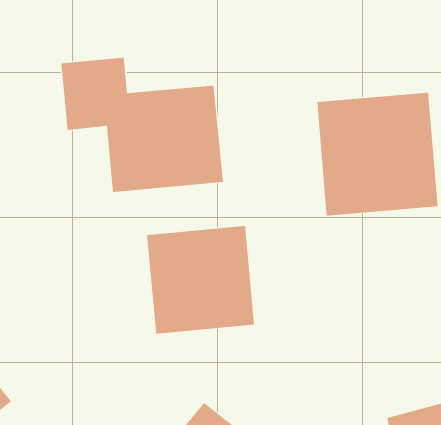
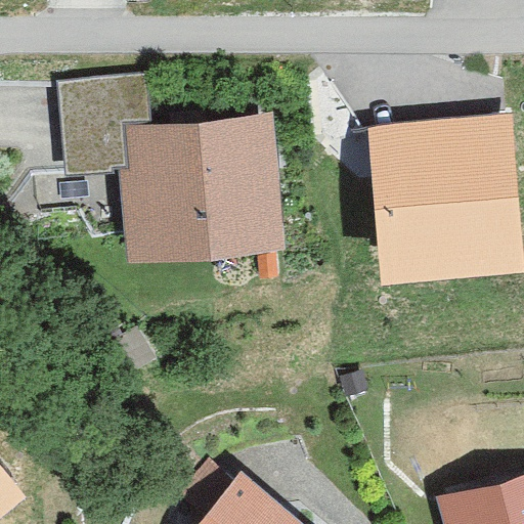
building: [147,225,255,334] -> none

